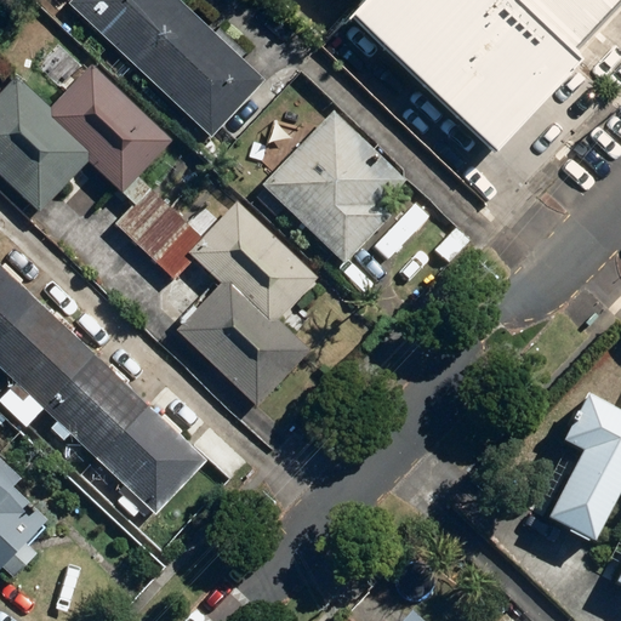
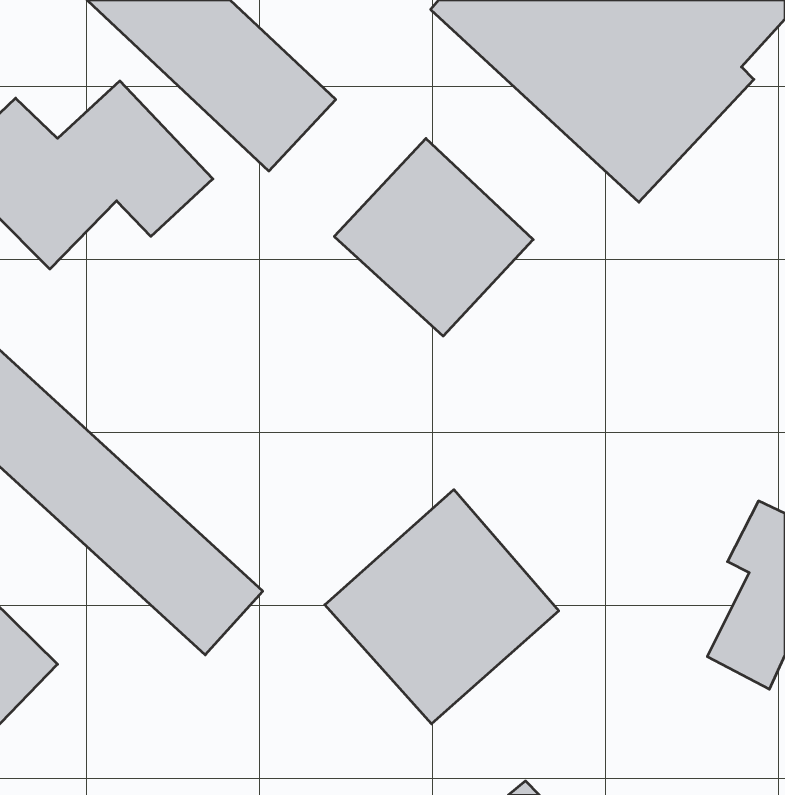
building: [115,175,314,405] -> none
building: none -> [325,490,559,724]

